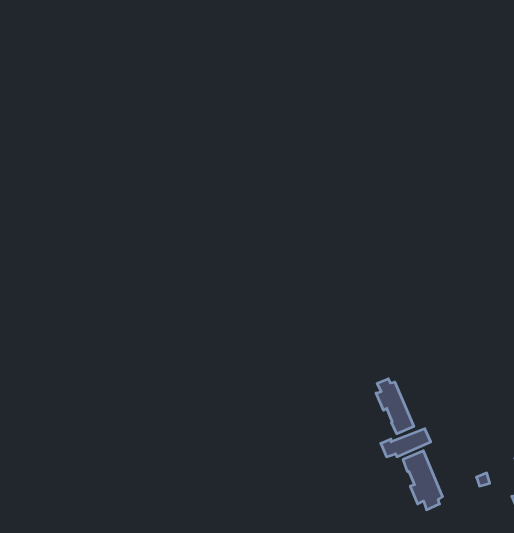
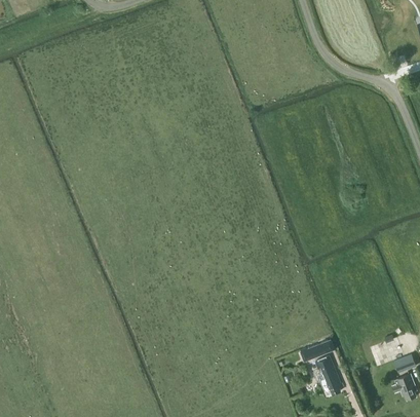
building: [376,379,414,434] -> none

